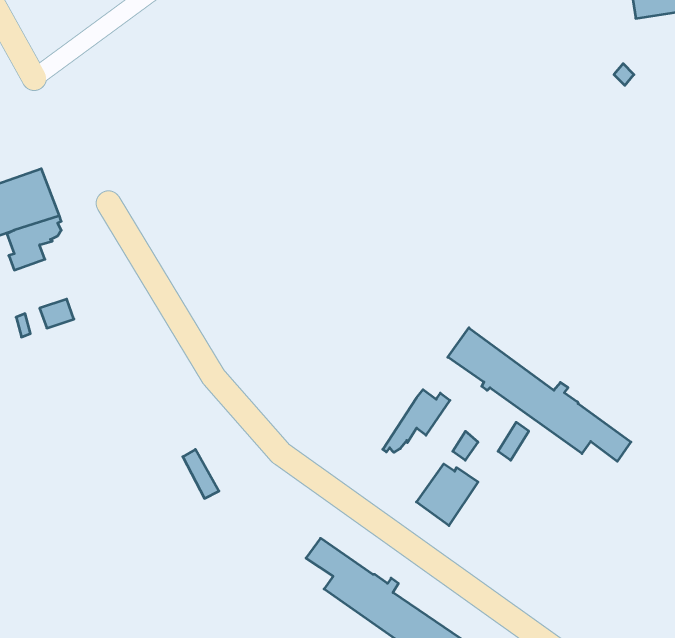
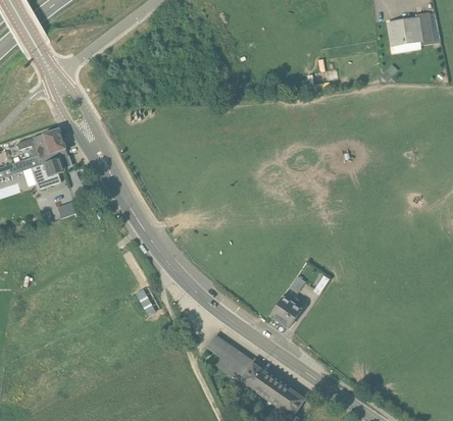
building: [448,328,631,461] -> none
building: [383,390,450,452] -> none

